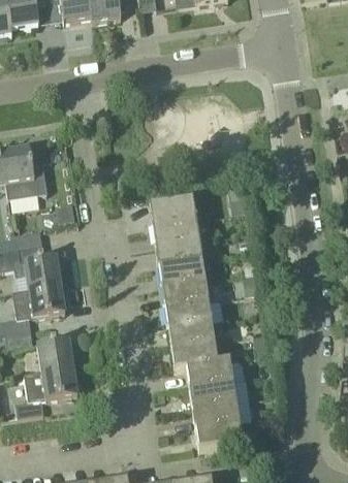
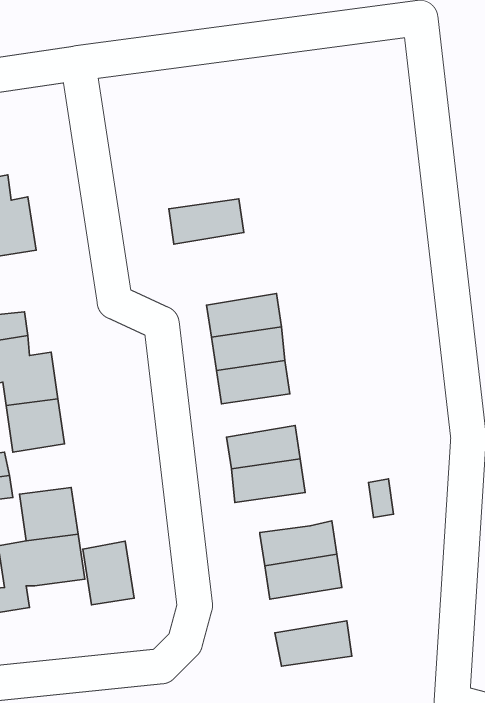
building: [150,198,196,226] -> [169,199,244,244]
building: [162,281,208,308] -> none
building: [170,342,217,369] -> none
building: none -> [83,541,134,605]
building: [192,400,240,428] -> none

